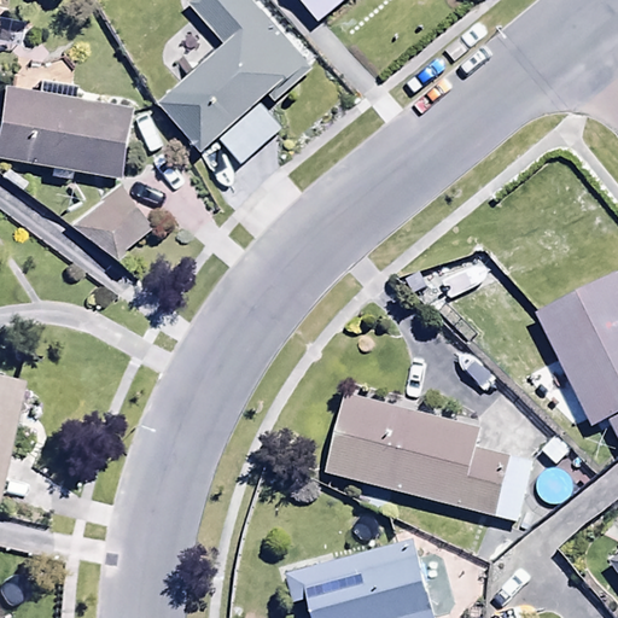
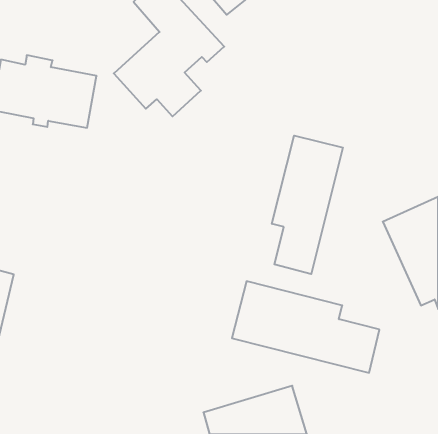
building: [66,183,152,258] -> none
building: none -> [272,136,343,274]

